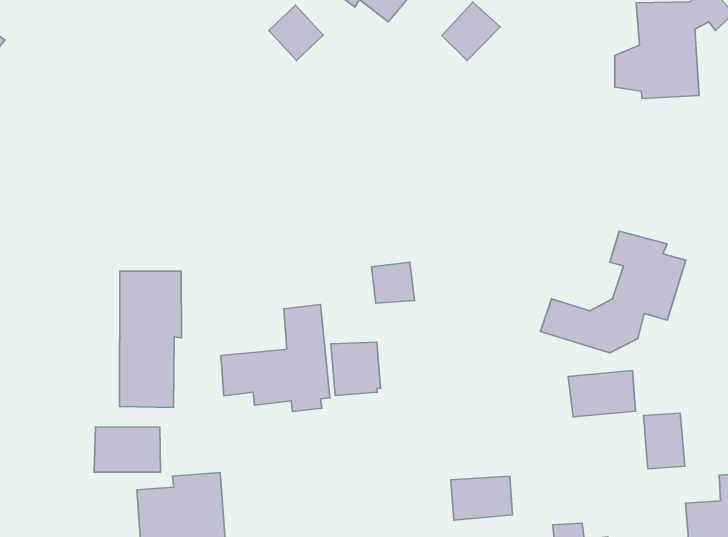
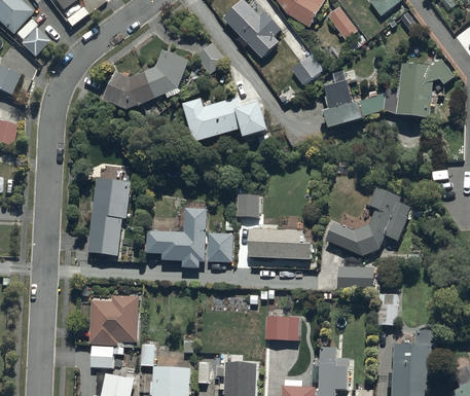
building: none -> [104,49,188,110]
building: none -> [325,81,386,133]
building: none -> [182,96,268,143]
building: none -> [249,228,312,257]
building: [94,427,161,472] -> none

